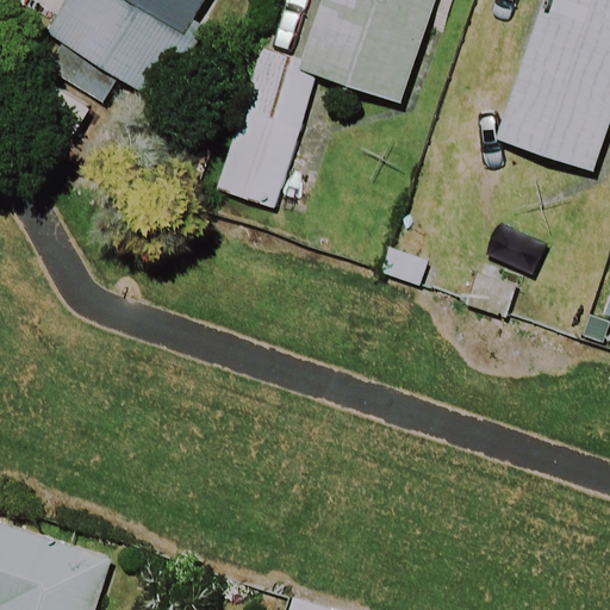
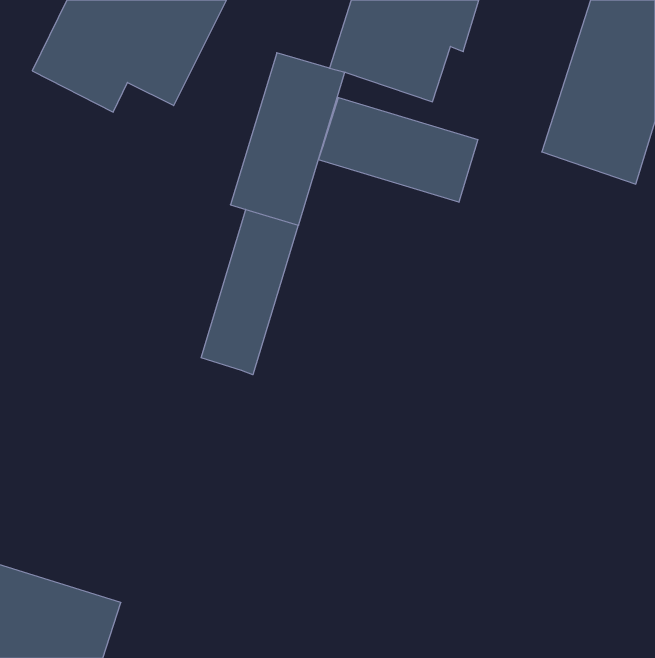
building: none -> [318,98,478,202]
building: none -> [201,209,298,375]

